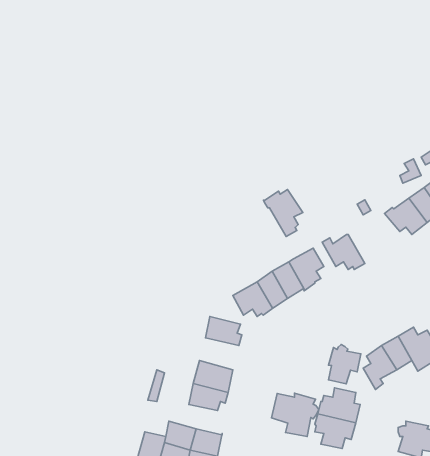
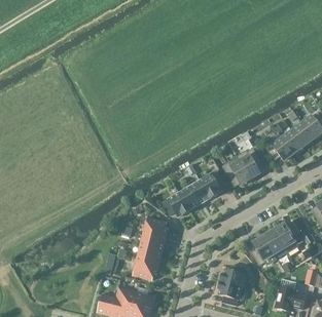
building: [263,190,303,237] -> [236,149,262,181]
building: none -> [139,231,166,252]
building: [328,345,361,384] -> none
building: [271,393,319,437] -> none

